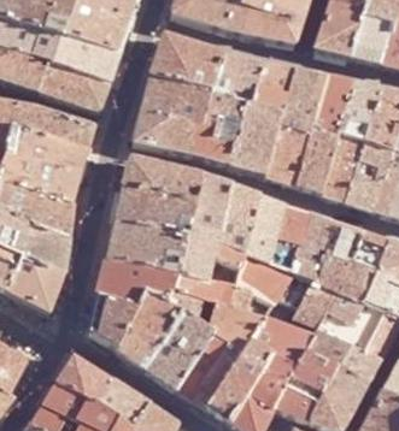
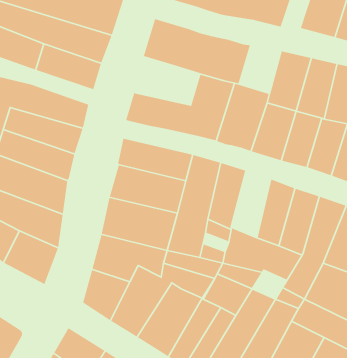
building: [251,63,294,113] -> none
building: [141,75,210,125] -> none
building: [242,193,283,262] -> none

